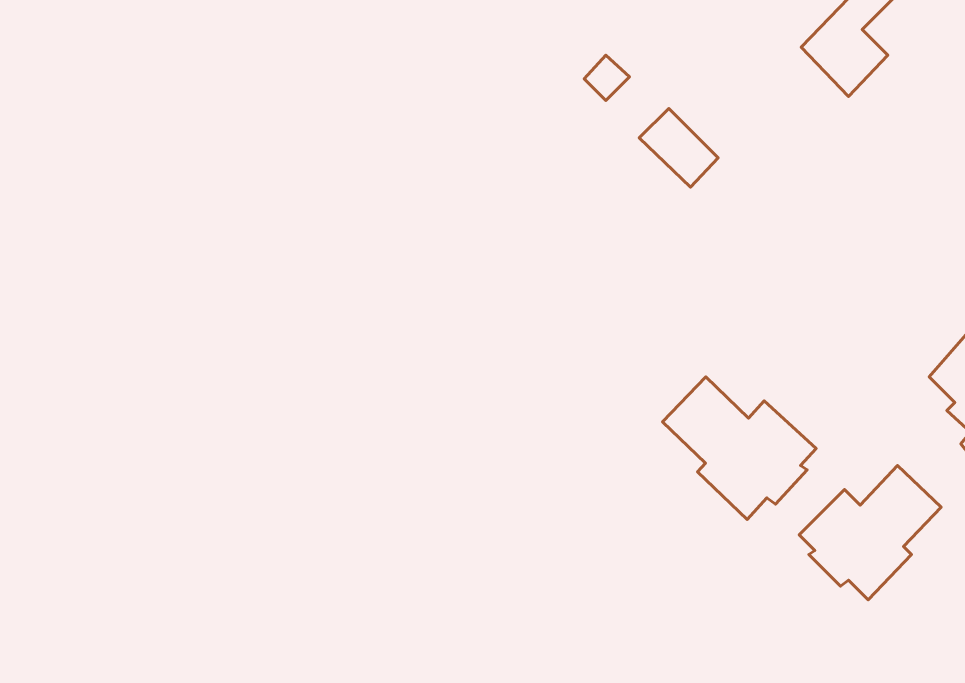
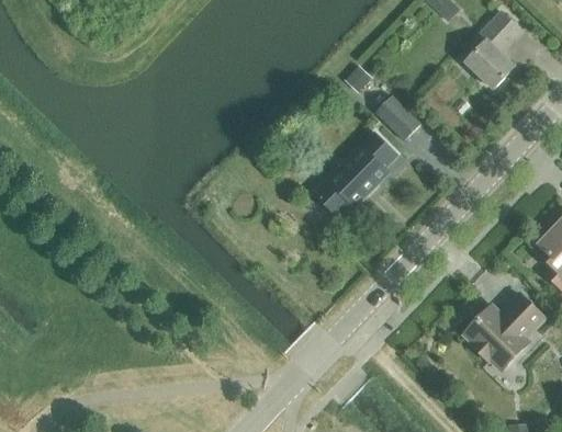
building: none -> [314,132,398,216]
building: [662,377,816,519] -> none

